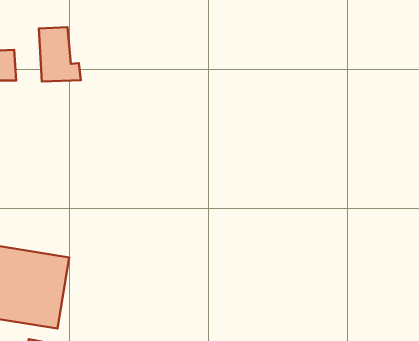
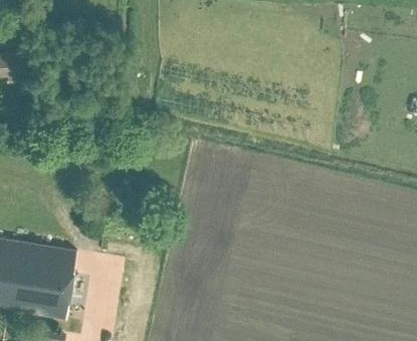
building: [39,27,81,82] -> none

